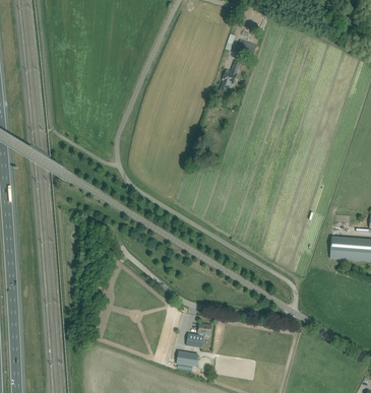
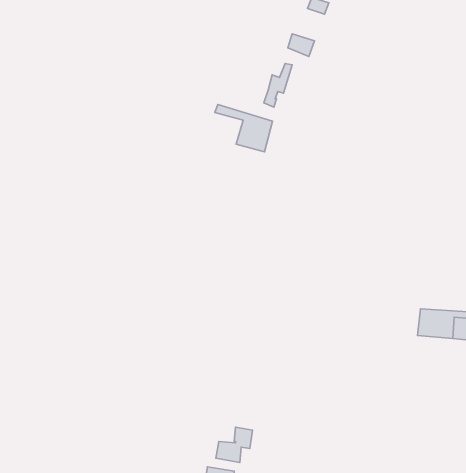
building: none -> [215,105,273,152]

